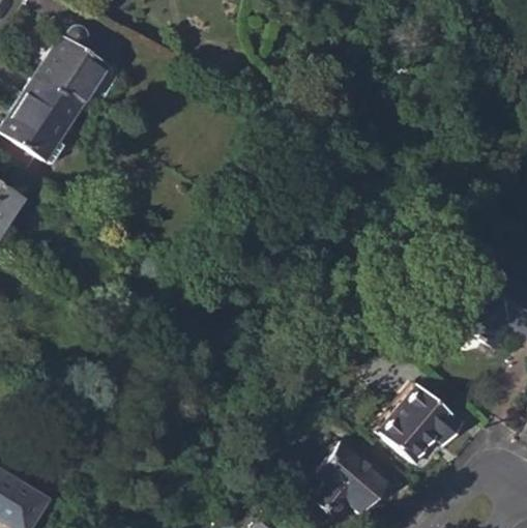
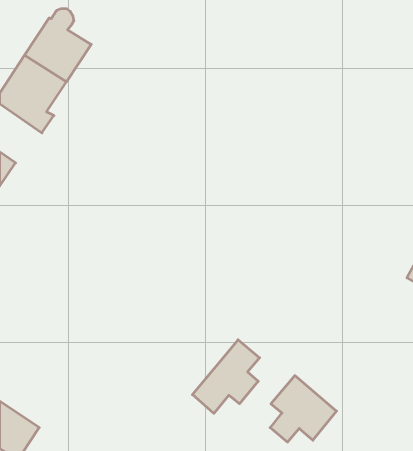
building: [376,384,464,465] -> none
building: none -> [192,340,260,413]

